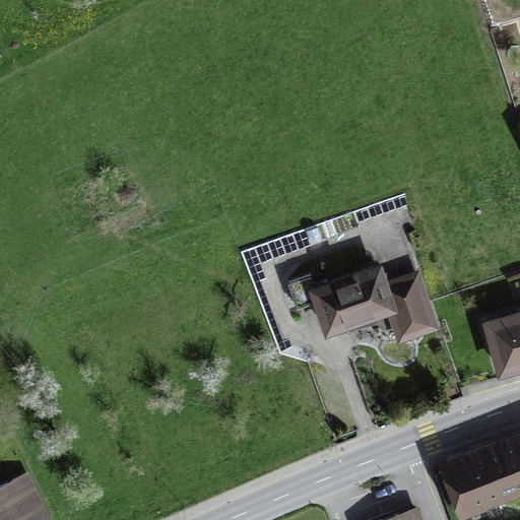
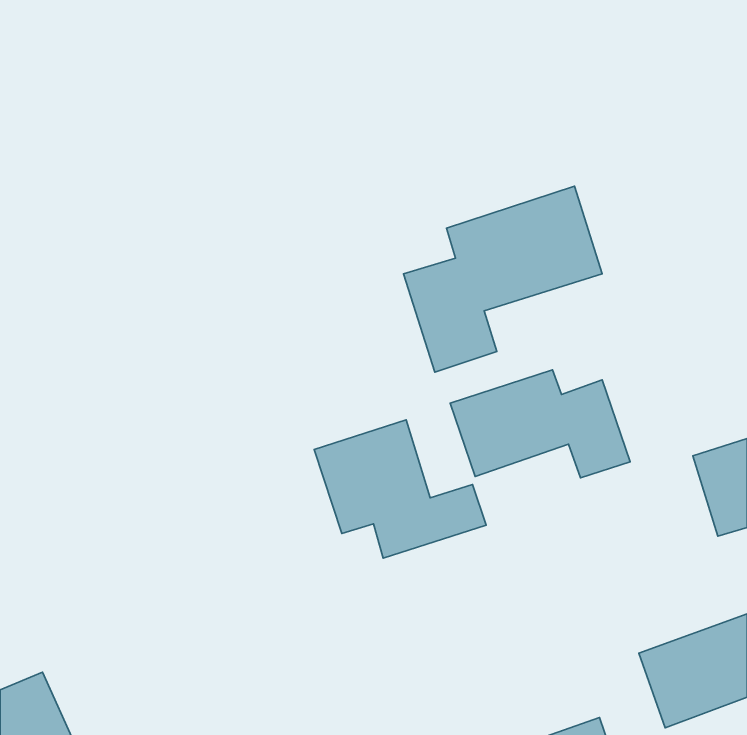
building: none -> [404,186,602,372]
building: none -> [314,420,486,558]

